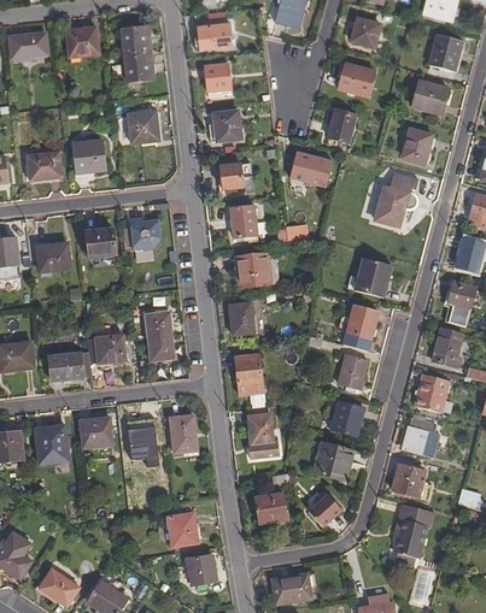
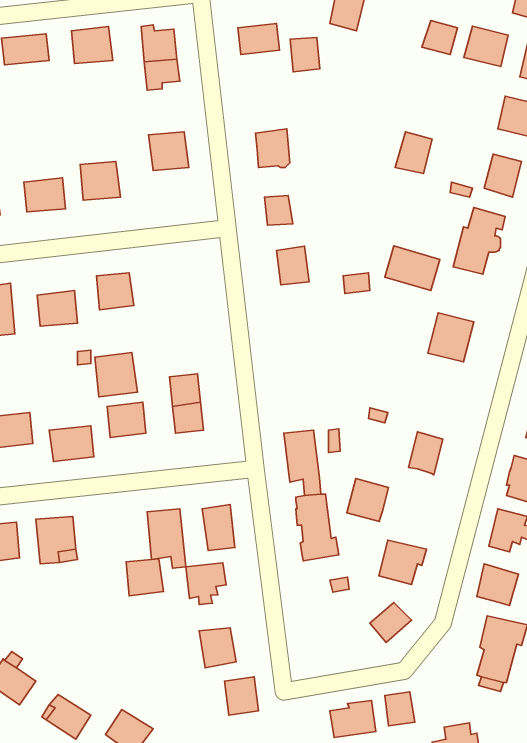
building: [206,65,230,93] -> [290,38,320,72]
building: [336,66,373,99] -> [464,26,508,66]
building: [287,154,332,190] -> [385,246,440,291]
building: [122,214,159,249] -> none
building: [240,252,274,287] -> none
building: none -> [95,353,138,397]
building: [230,303,257,335] -> none
building: [342,306,376,352] -> none
building: [328,401,362,436] -> [347,479,388,522]
building: [81,415,111,446] -> [126,559,163,596]
building: none -> [186,563,226,605]
building: [253,494,283,524] -> none
building: none -> [385,692,415,726]

